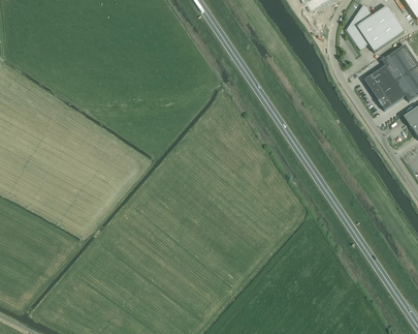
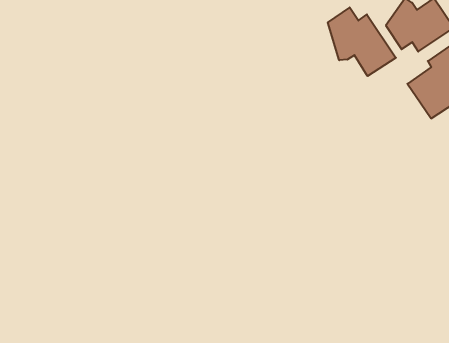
building: none -> [328,7,396,76]

